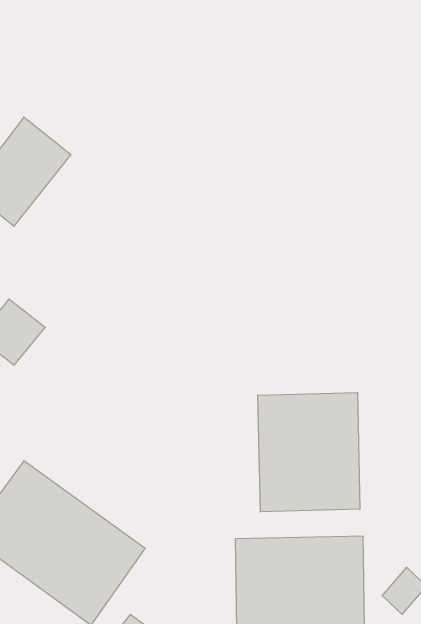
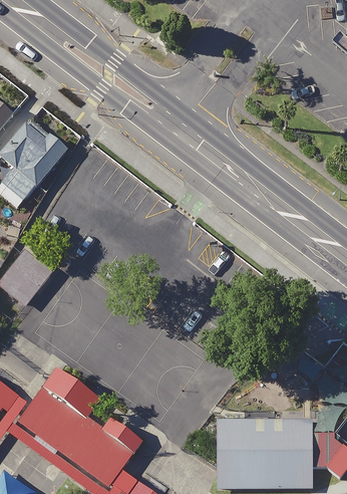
building: [258,392,360,512] -> none

